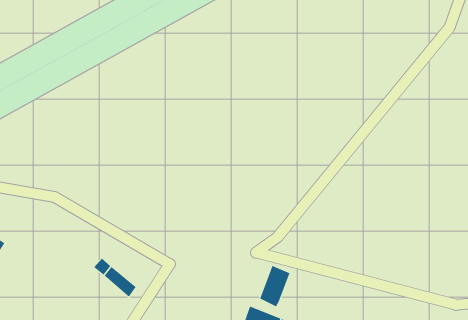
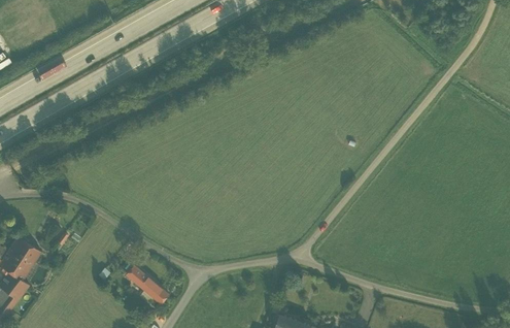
building: [260,265,290,307] -> none

